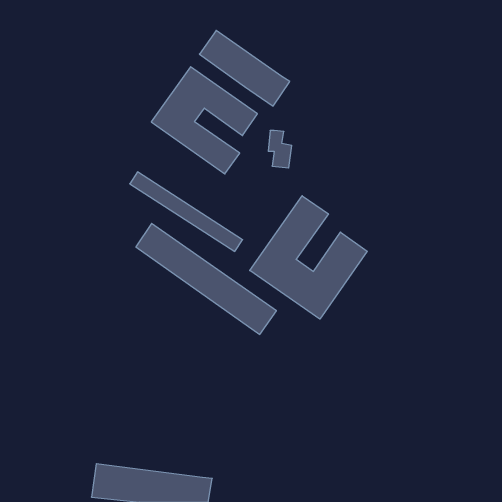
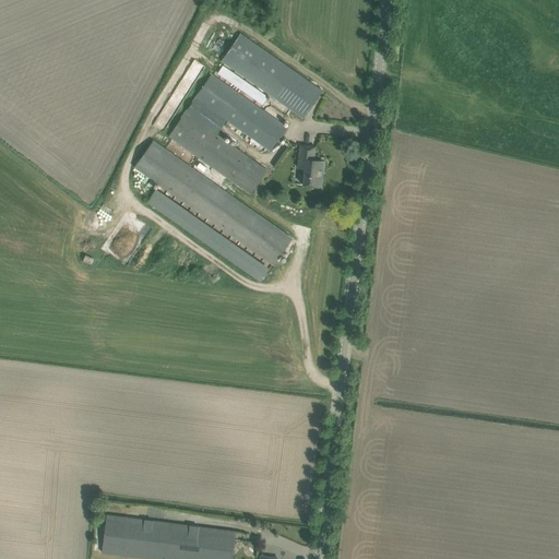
building: [250,196,367,319] -> none
building: [136,223,276,334] -> [135,141,292,264]

